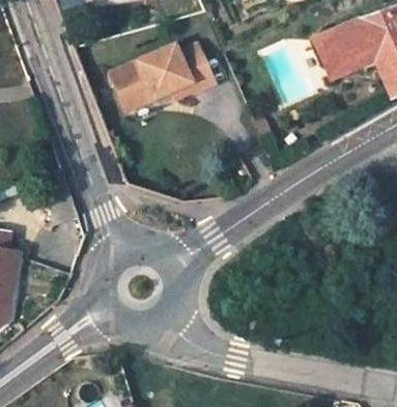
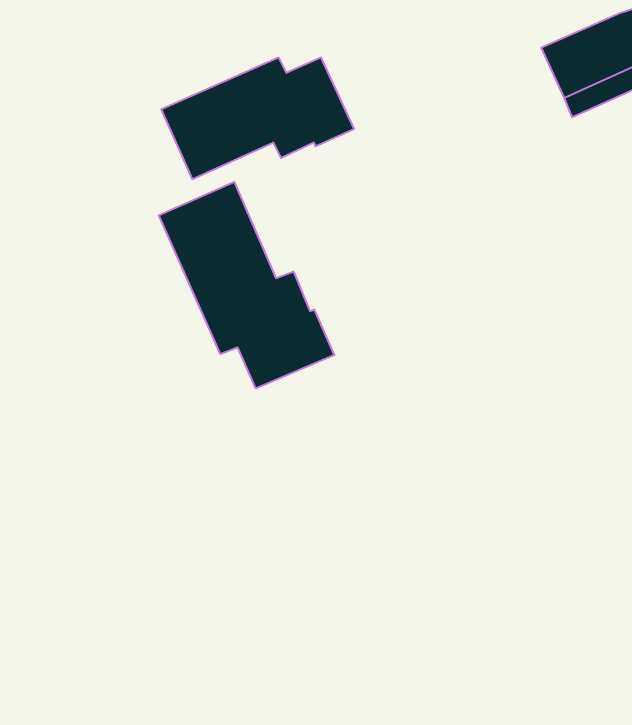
building: none -> [159,182,334,388]

